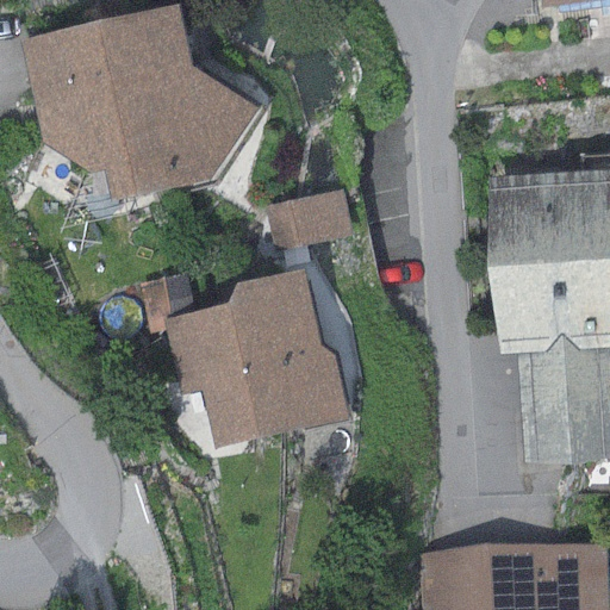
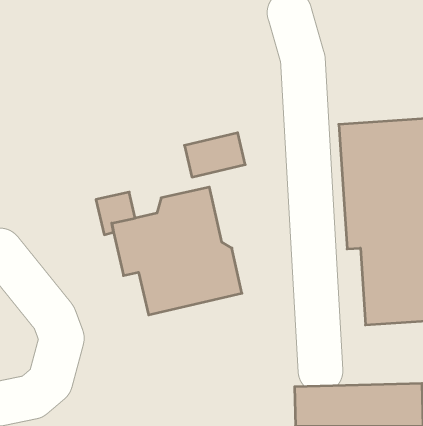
building: [23,7,260,200] -> none

